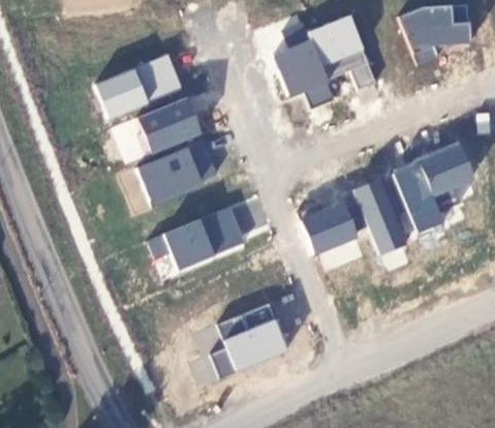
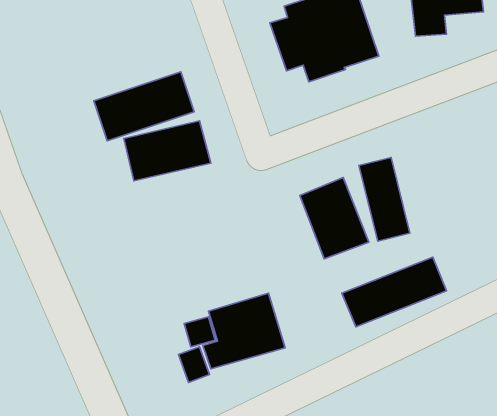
building: [94,56,183,115] -> none
building: [393,141,477,233] -> none
building: [146,203,247,278] -> none
building: none -> [342,257,447,327]

